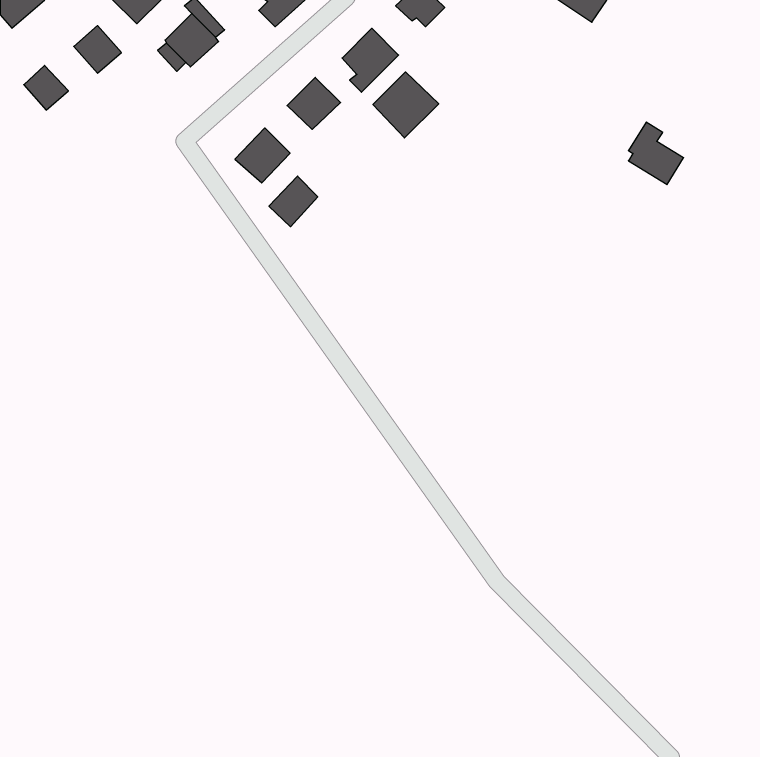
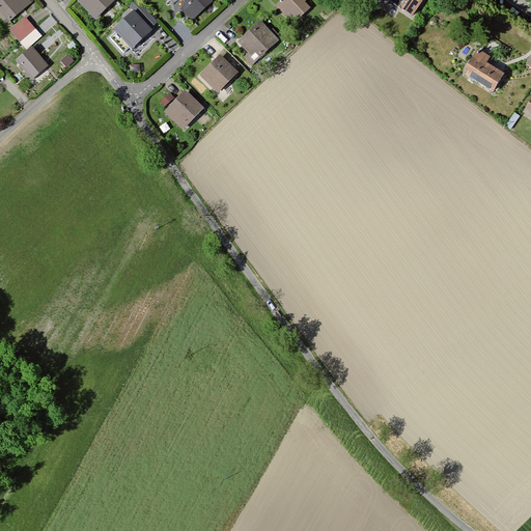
building: [74,26,121,73] -> [11,13,45,47]
building: [373,72,439,138] -> none
building: [628,122,684,185] -> [466,48,504,91]
building: [269,176,318,227] -> none

